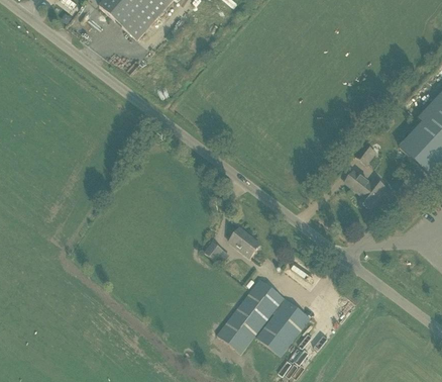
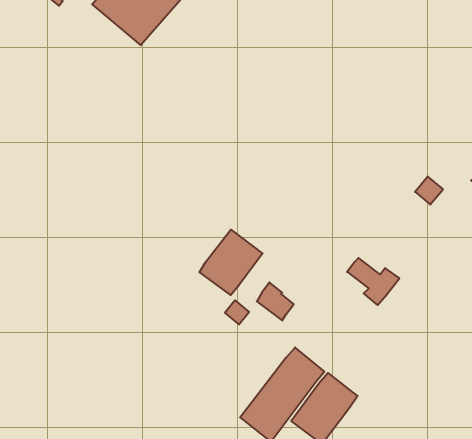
building: [345,169,386,206] -> [347,258,399,305]
building: none -> [199,230,263,295]

